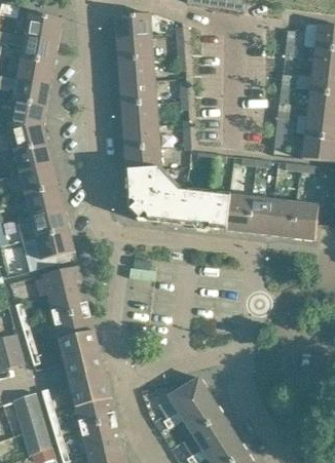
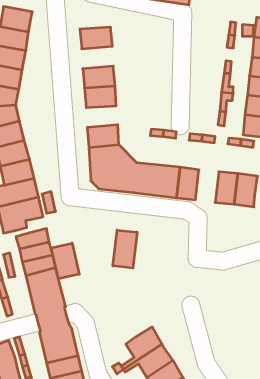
building: [115,12,151,37] -> none
building: [118,56,154,82] -> none
building: [123,124,159,149] -> none
building: [248,197,274,234] -> none
building: none -> [113,230,137,268]
building: none -> [51,243,79,279]

